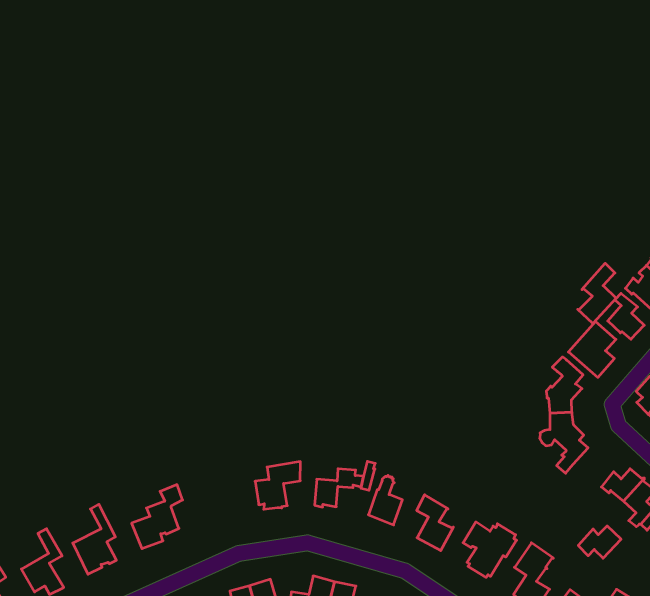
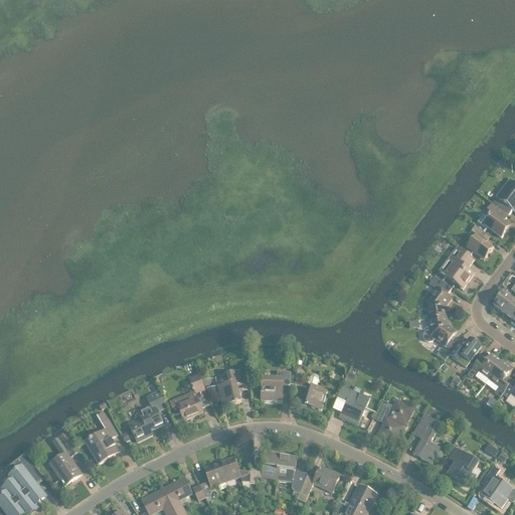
building: [578,263,616,323] -> none
building: none -> [170,373,204,419]
building: [578,526,621,558] -> [450,337,481,361]

